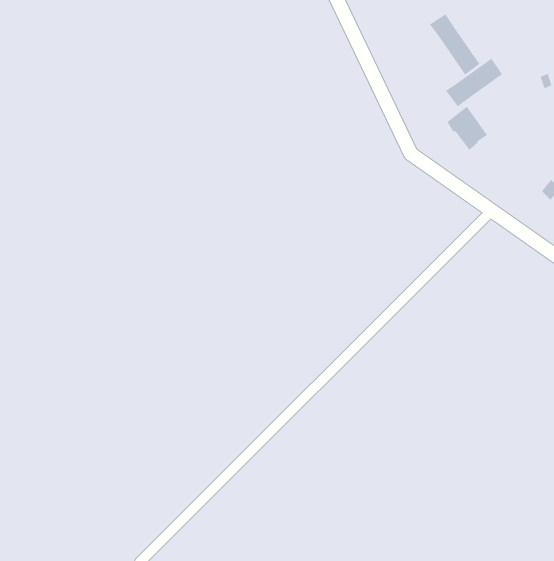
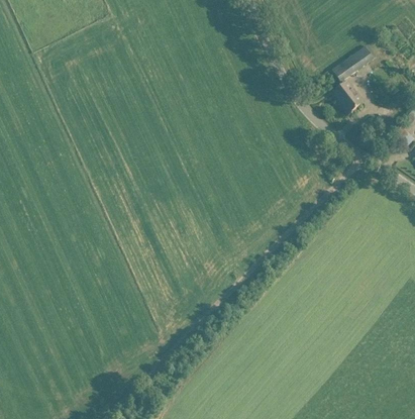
building: [429,14,480,75] -> none

